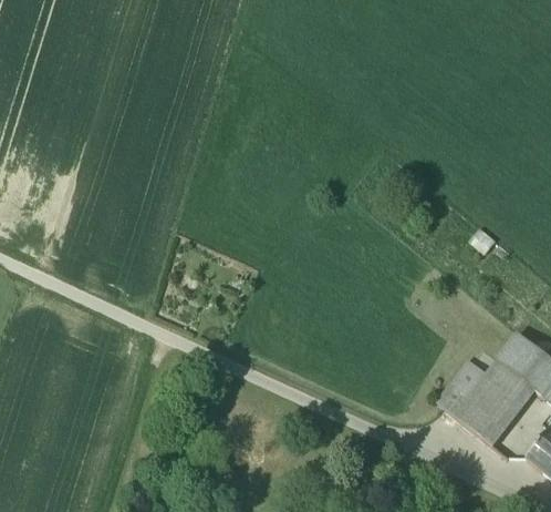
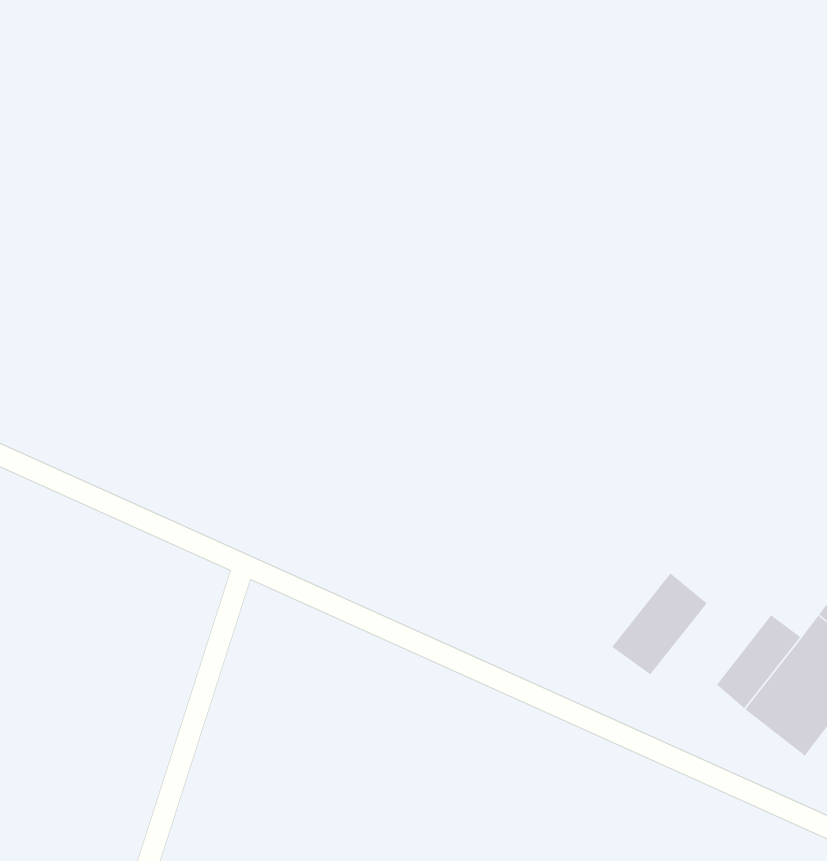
building: none -> [612,573,708,675]

